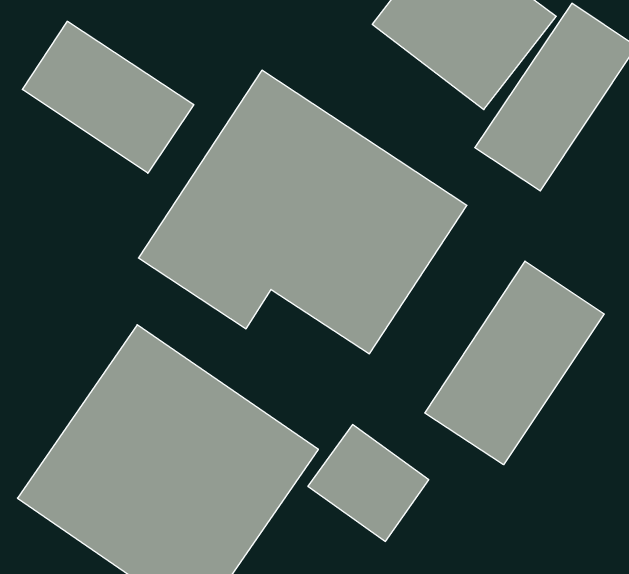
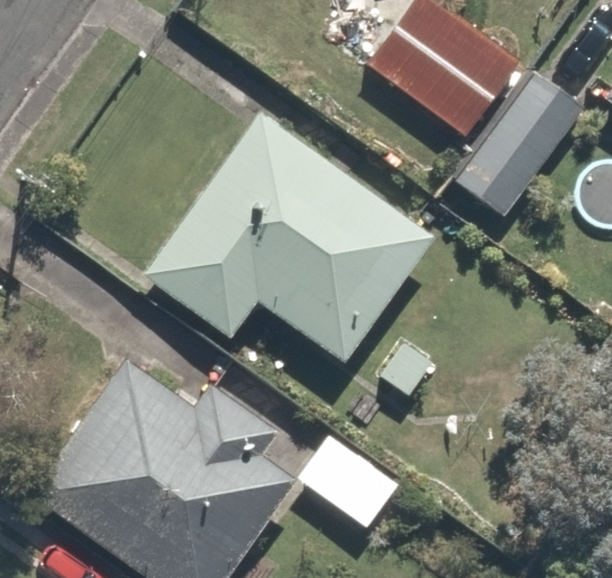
building: [22,21,194,173] -> none
building: [425,261,604,465] -> none

